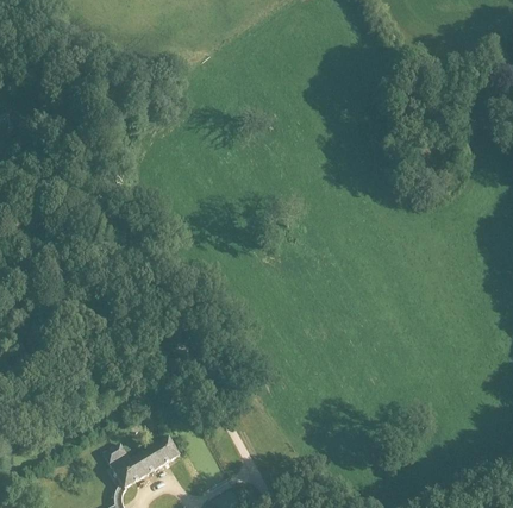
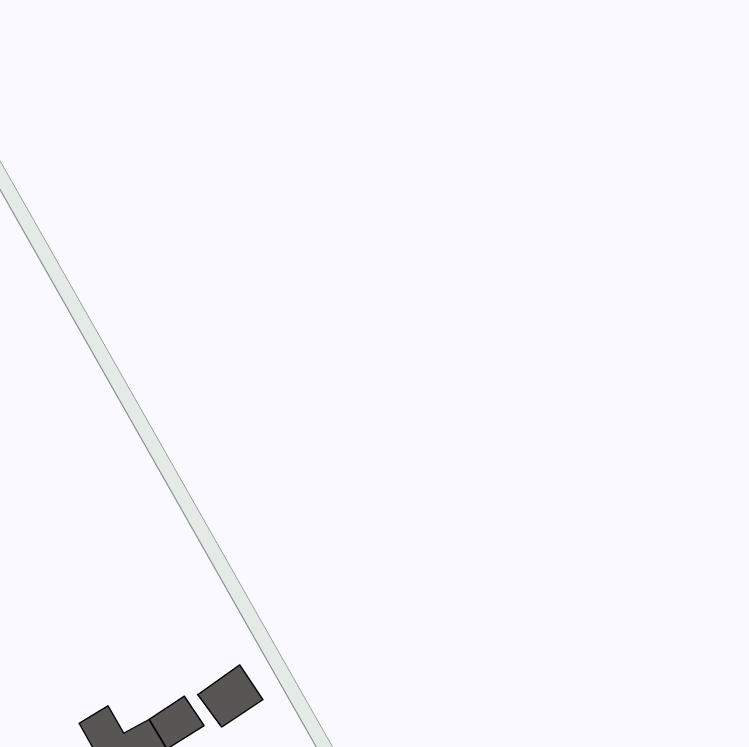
building: none -> [198,665,263,727]

